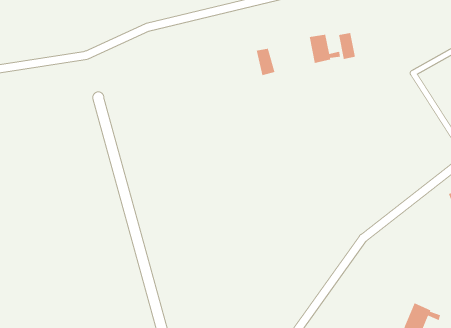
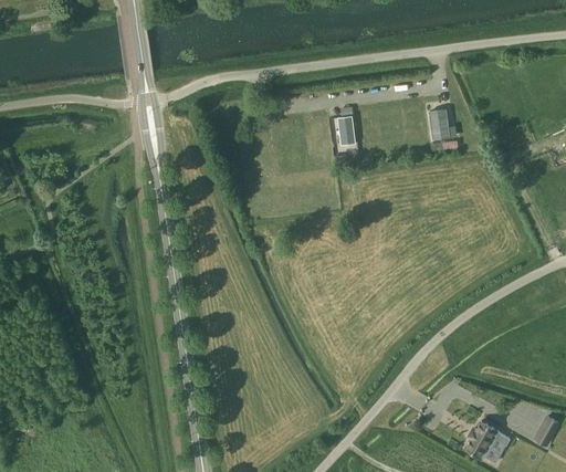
building: [309,34,341,64] -> none

